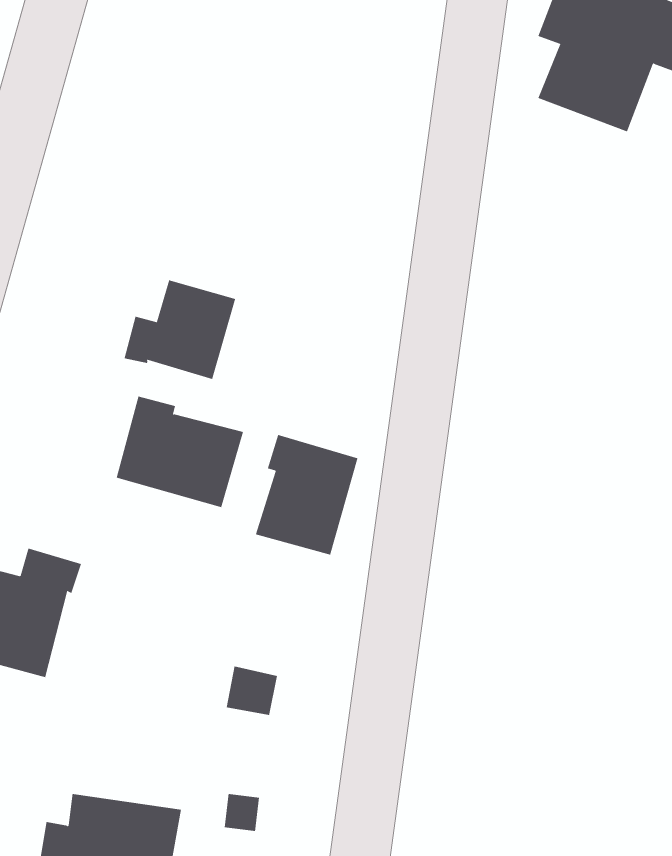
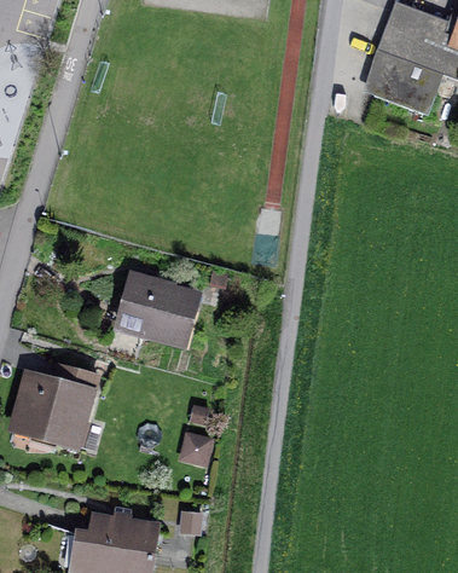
building: [124,280,236,380] -> none
building: [255,434,358,556] -> none

